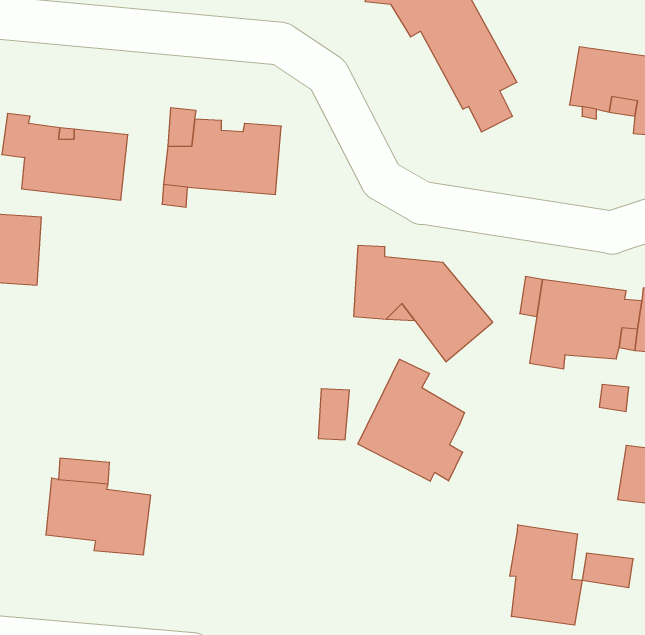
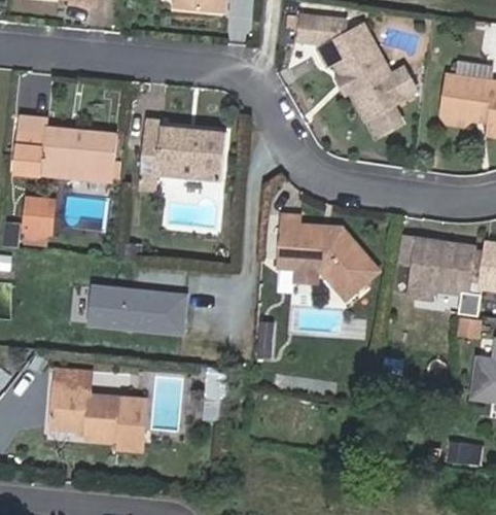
building: none -> [91,287,185,331]
building: [358,359,464,481] -> none
building: [510,525,582,625] -> none

